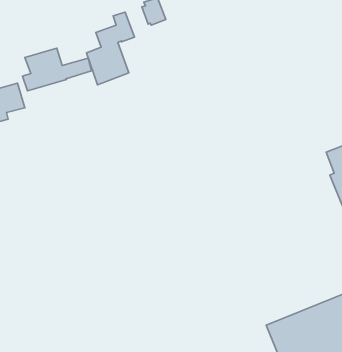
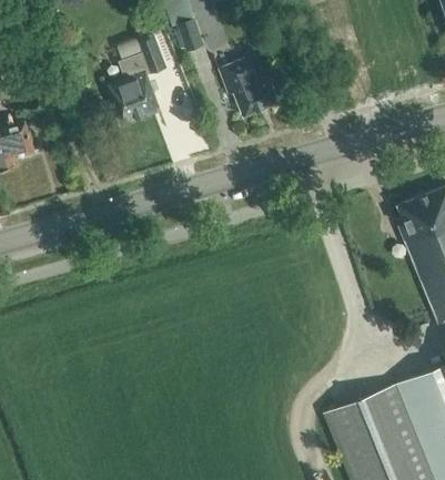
building: none -> [219,48,280,118]
building: [23,48,91,91] -> none

